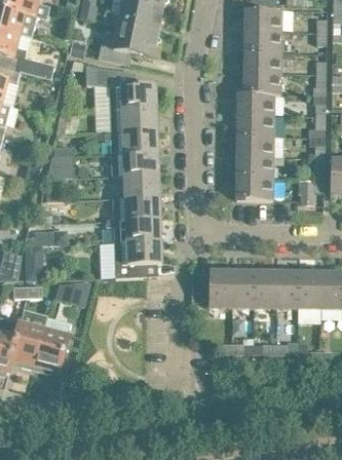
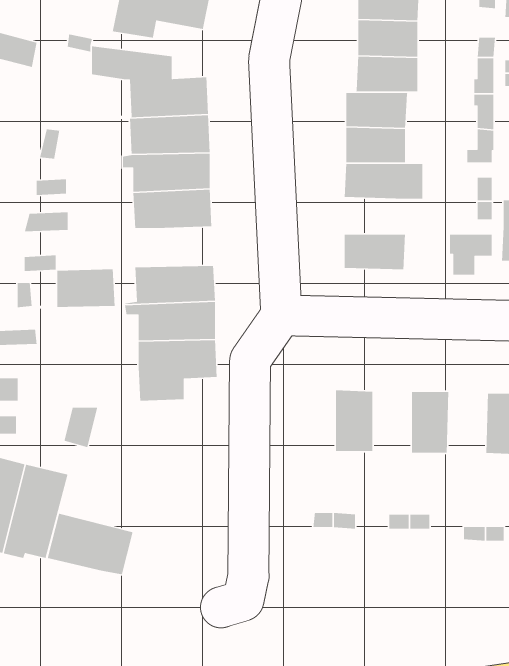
building: [236,156,273,178] -> none
building: [112,174,159,197] -> [36,268,115,308]
building: [208,270,231,307] -> none
building: [254,271,276,308] -> none
building: [298,271,321,308] -> none
building: none -> [47,513,134,575]

